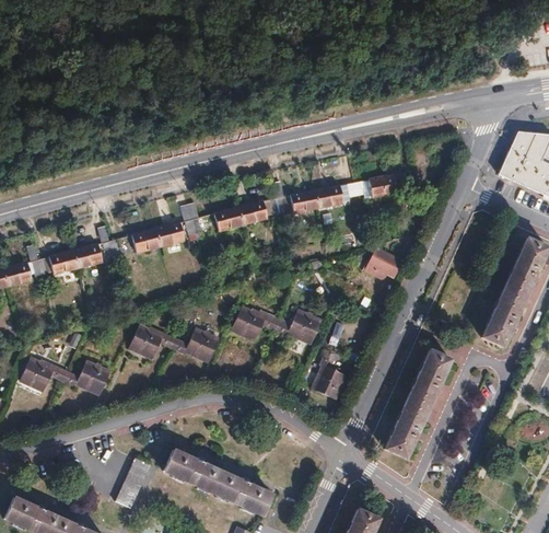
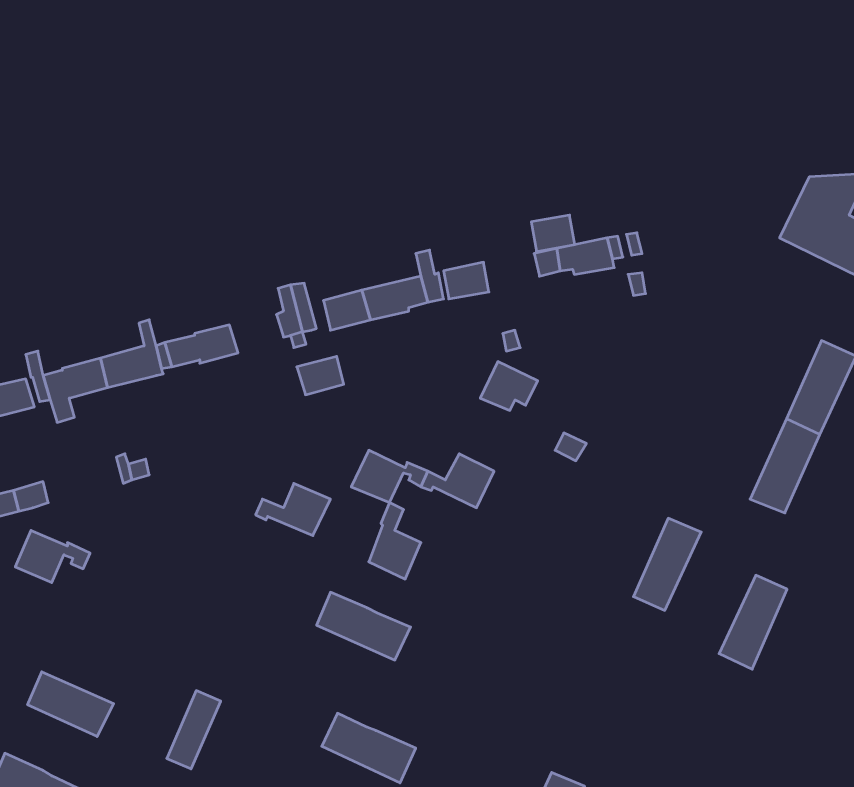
building: [315,185,342,208] -> [531,215,575,252]
building: [155,222,185,246] -> [297,356,344,395]
building: [365,248,401,279] -> [480,362,538,410]
building: [130,326,176,359] -> none
building: [313,351,346,399] -> [369,503,421,579]
building: [63,361,110,395] -> none
building: [386,399,429,459] -> [719,575,787,669]
building: none -> [28,672,114,737]
building: [164,451,223,494] -> [317,592,411,660]

